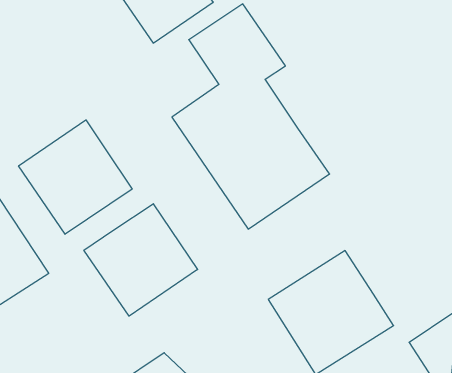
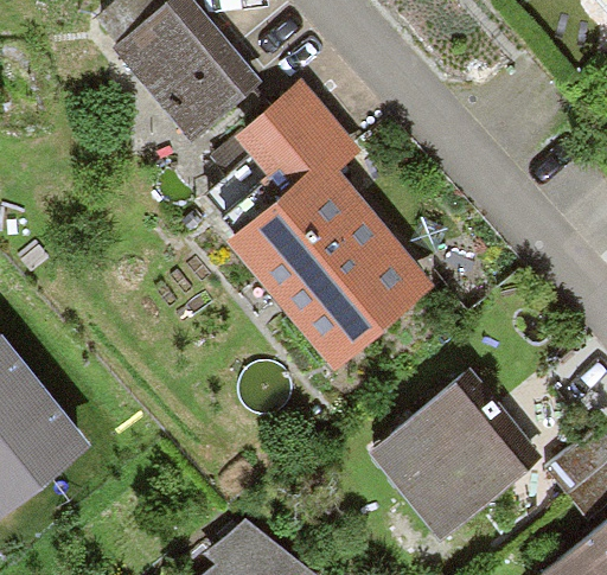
building: [19,120,132,234] -> none
building: [84,204,198,316] -> none

